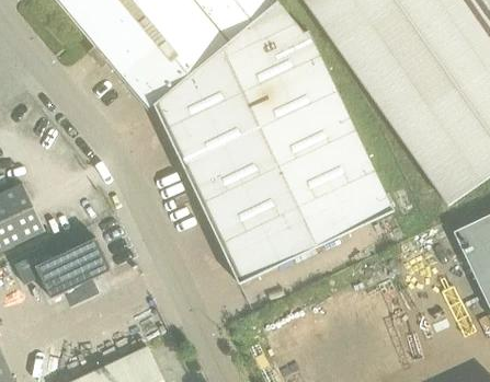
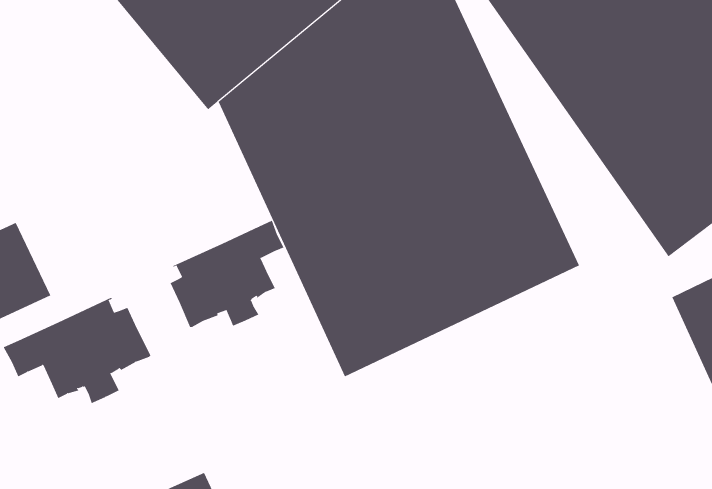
building: none -> [170,220,284,328]

